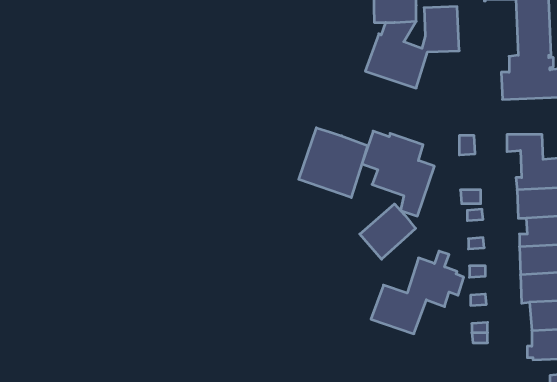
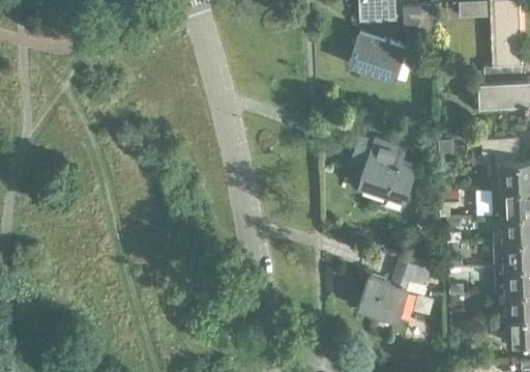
building: [299,128,368,198] -> none
building: [360,204,416,259] -> none

